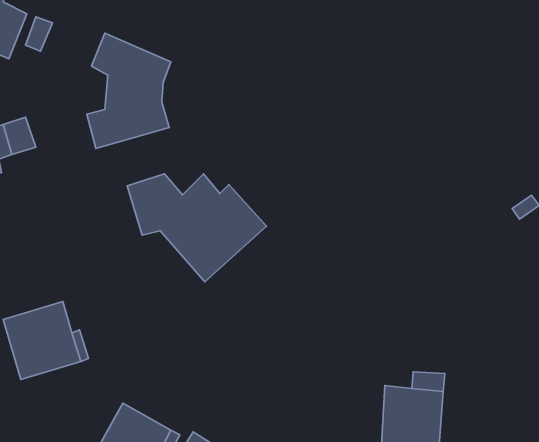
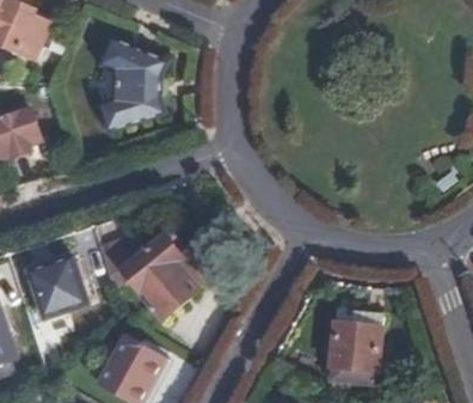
building: [127,174,266,282] -> [100,236,211,322]

